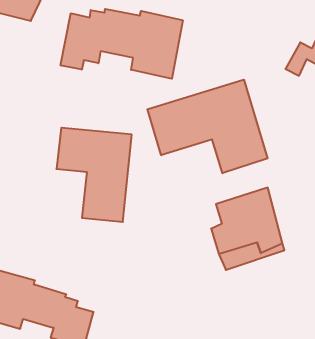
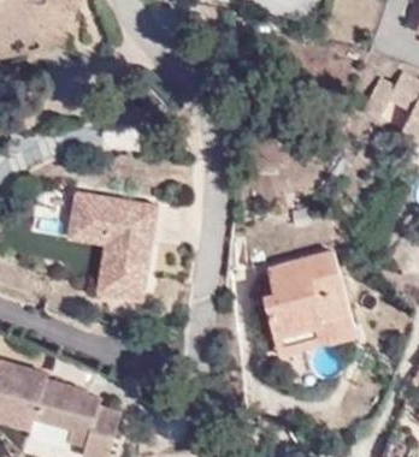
building: [61,9,183,79] -> none
building: [147,80,268,173] -> none

